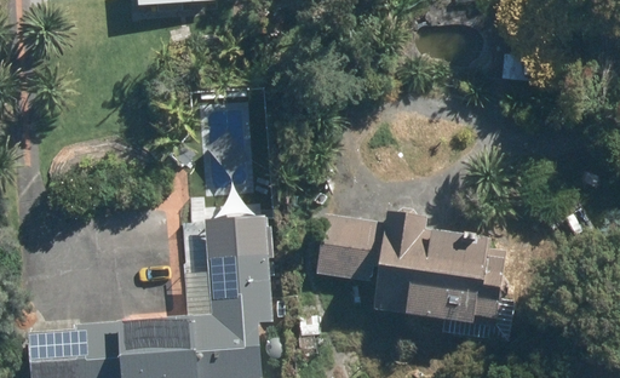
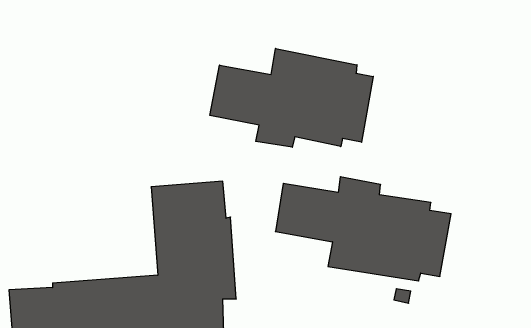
building: none -> [210,48,373,147]

